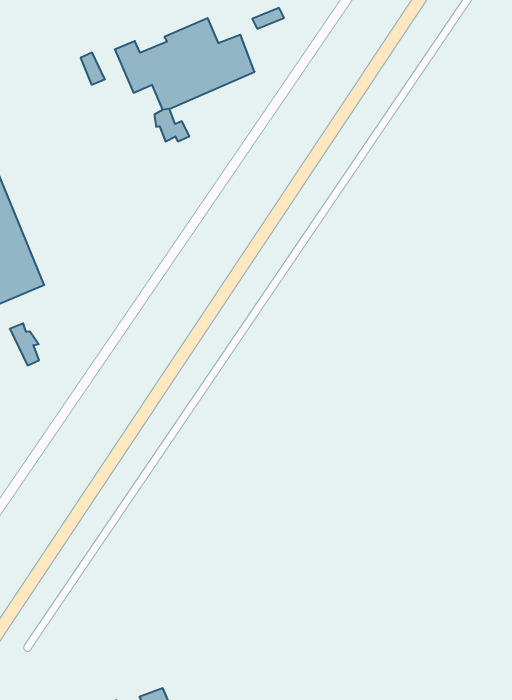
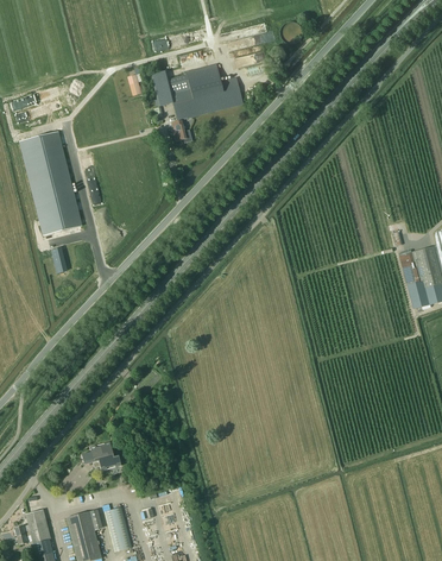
building: none -> [89,441,121,471]

